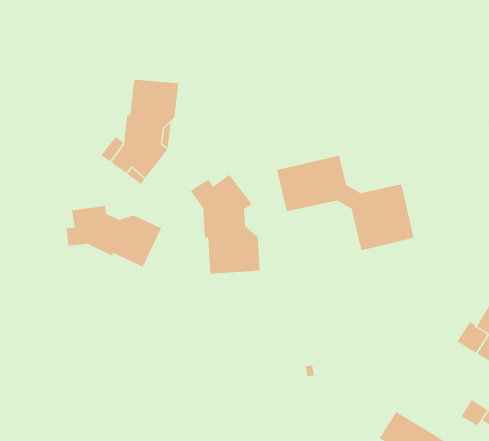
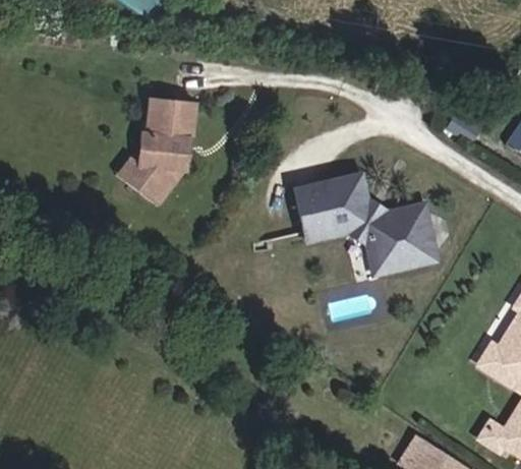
building: [190,174,260,275] -> none
building: [66,205,162,267] -> none

